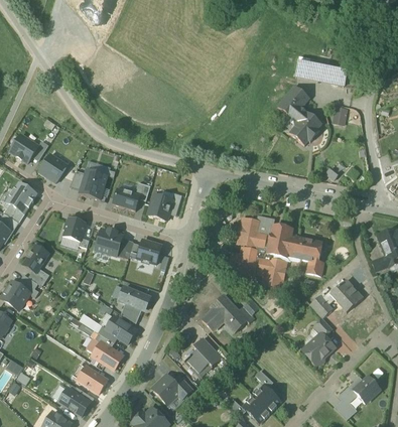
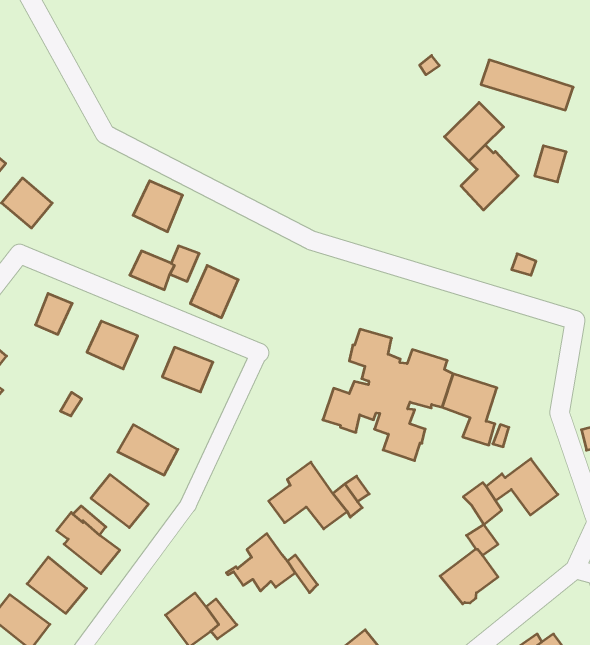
building: [79,170,105,197] -> [133,181,183,232]

